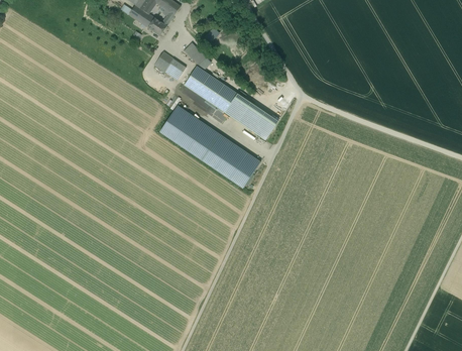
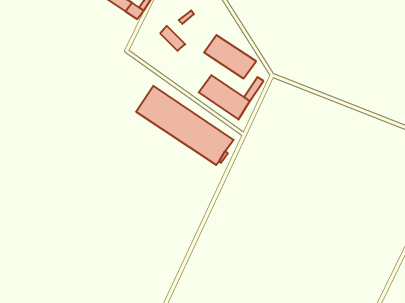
building: [154,51,186,80] -> none
building: [184,67,238,112] -> [204,35,256,78]

